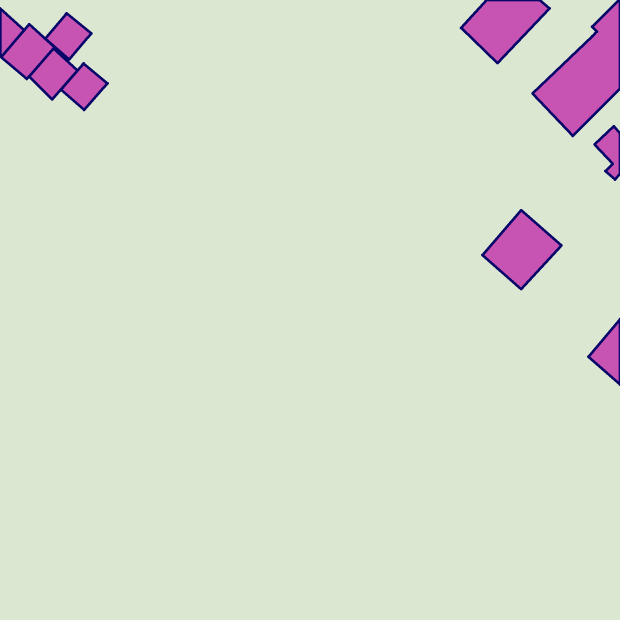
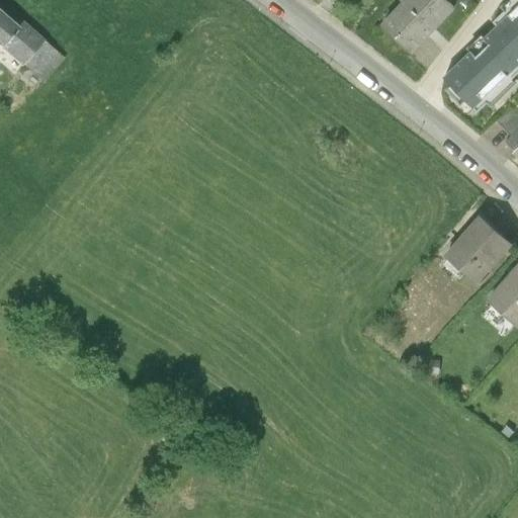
building: [45,13,91,59] -> none
building: [61,63,108,110] -> none
building: [482,210,561,289] -> [444,214,510,280]

